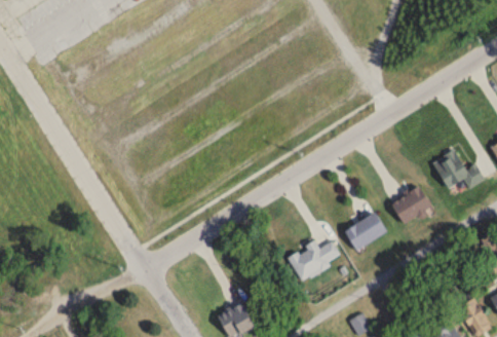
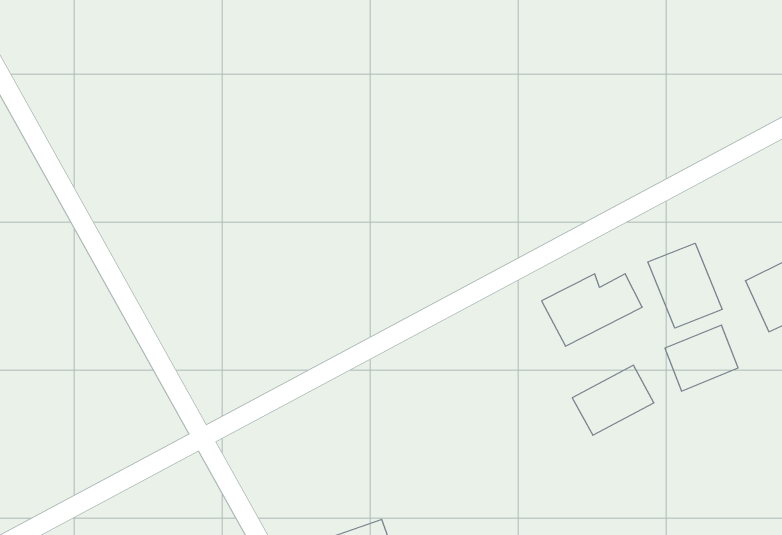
building: none -> [648,243,722,328]
building: [288,239,342,280] -> [542,274,642,346]

